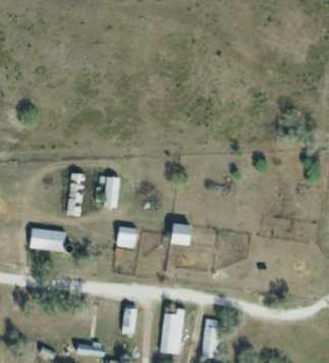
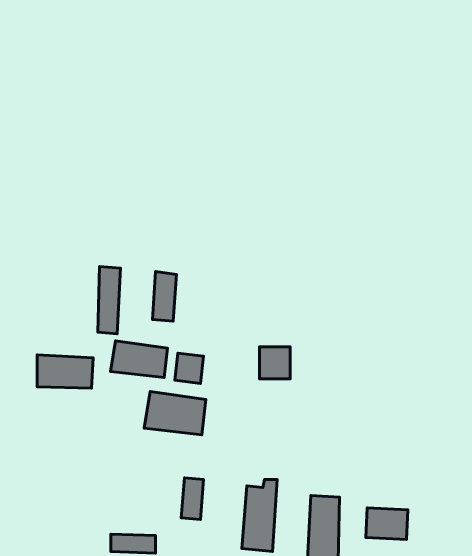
building: none -> [110,341,168,378]
building: none -> [144,392,206,435]
building: none -> [366,508,408,540]

